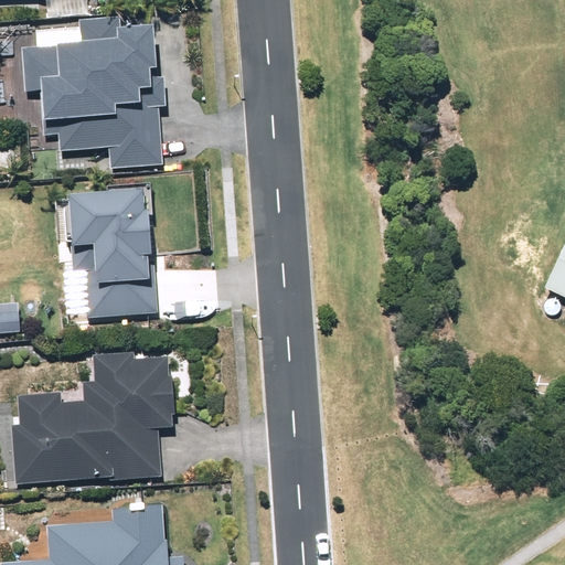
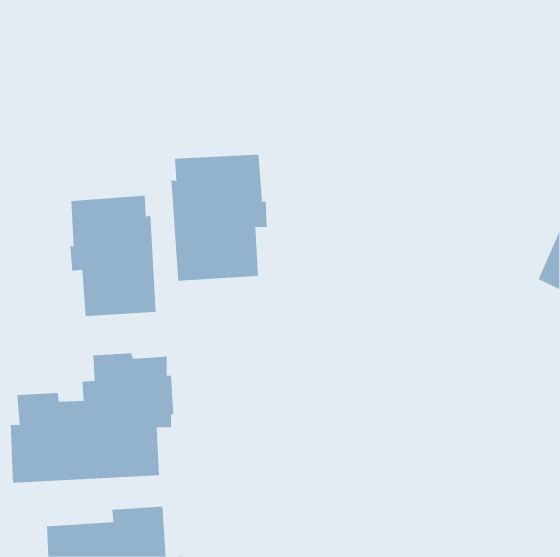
building: [21,17,166,167] -> none
building: none -> [171,154,267,282]

